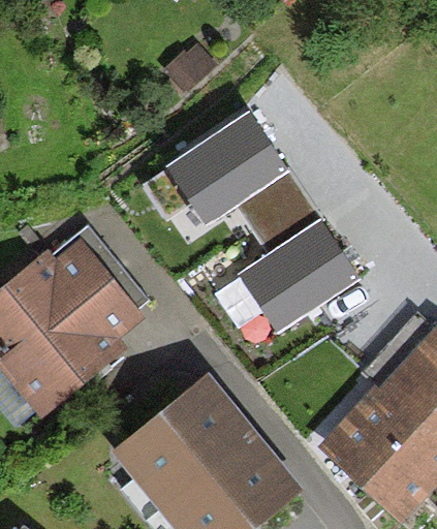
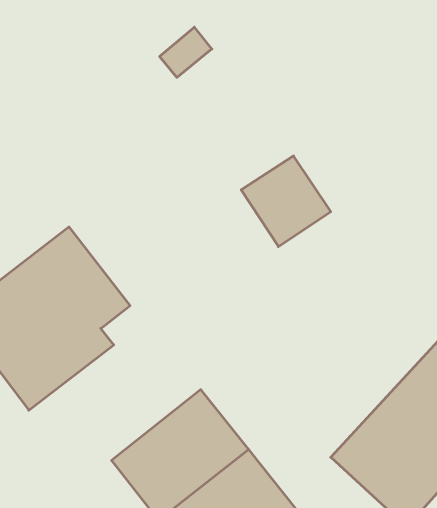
building: [170,110,287,219] -> none
building: [243,220,360,328] -> none

